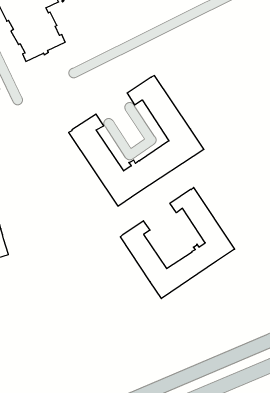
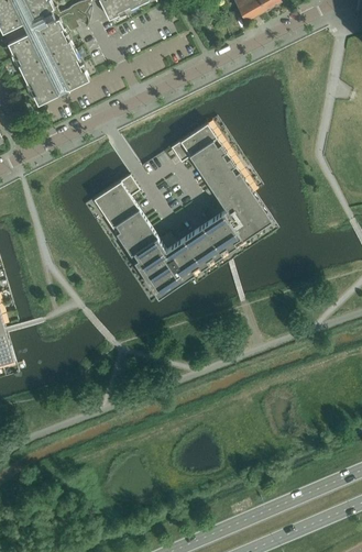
building: [120,187,235,299] -> none

